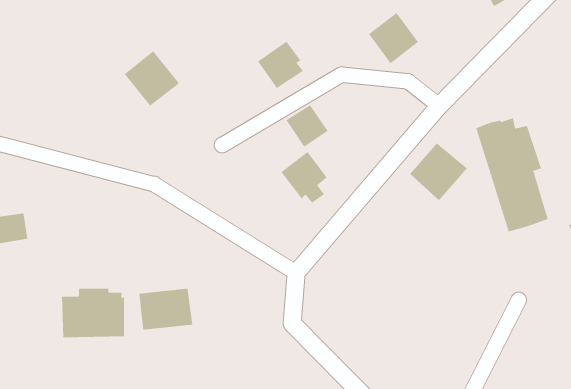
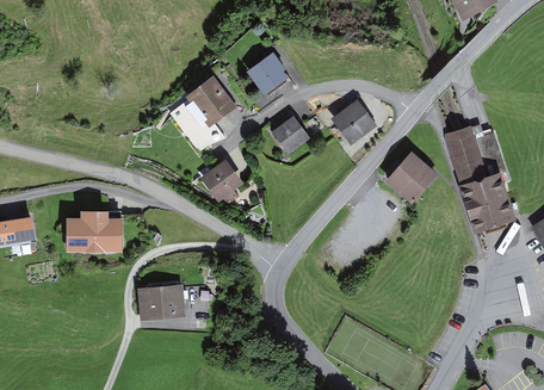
building: [368,12,419,64] -> [330,98,377,146]
building: [124,51,180,107] -> [185,80,236,131]
building: [281,151,327,203] -> [200,157,243,205]
building: [61,288,125,338] -> [64,206,123,252]

